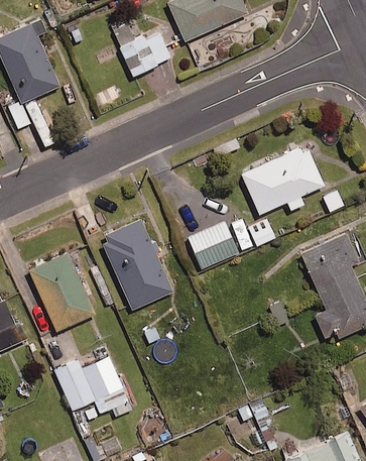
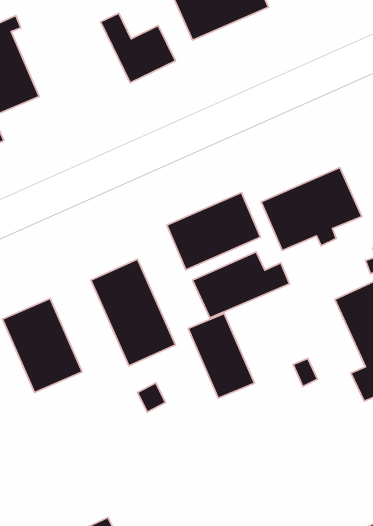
building: none -> [167,193,260,270]
building: none -> [188,313,254,398]
building: [54,356,123,411] -> none

